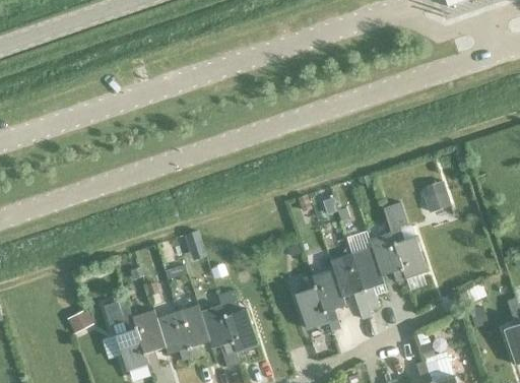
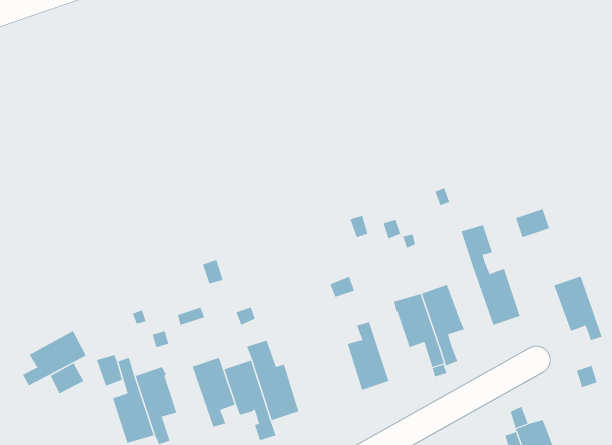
building: [369,232,406,281] -> [553,276,602,341]
building: [312,268,344,330] -> none
building: none -> [22,330,87,386]
building: [155,310,192,360] -> none

